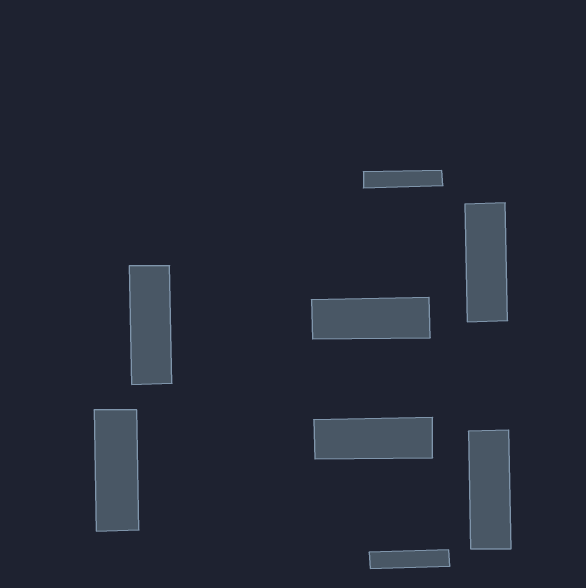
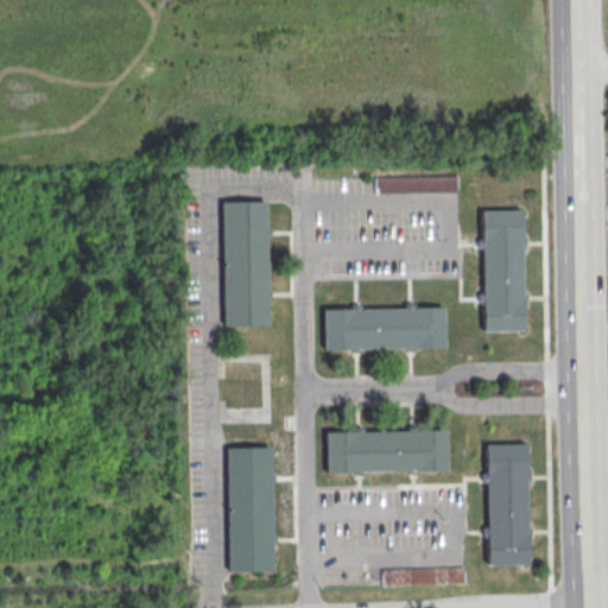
building: [129,266,172,384] -> [226,202,270,324]
building: [94,410,139,531] -> [228,448,274,572]

